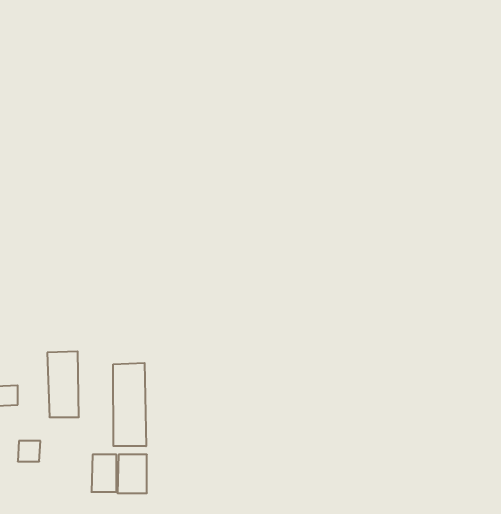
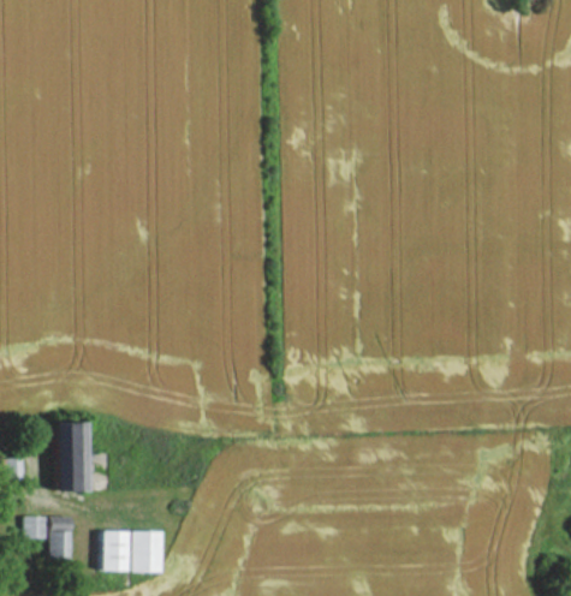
building: [113,363,146,446] -> none
building: none -> [53,517,76,559]

